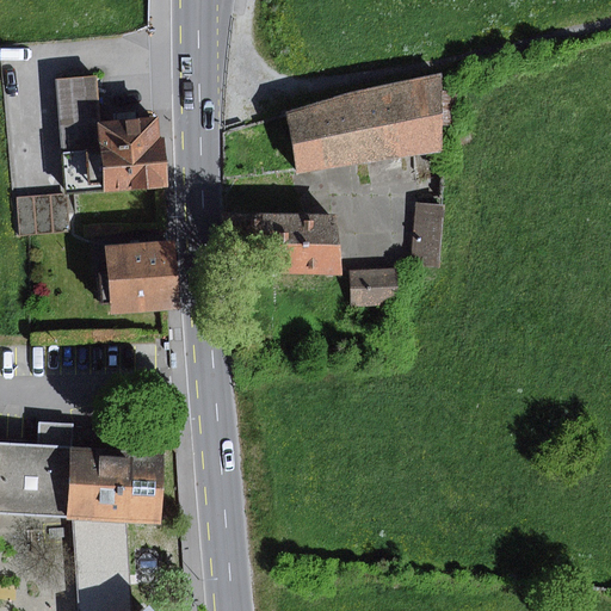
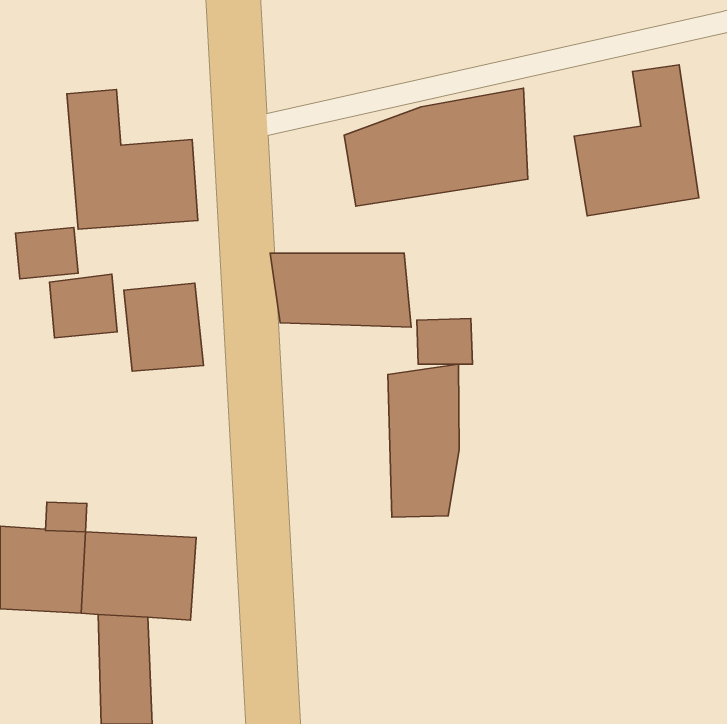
building: none -> [574,65,699,216]
building: [408,202,446,266] -> none
building: none -> [49,274,117,338]
building: none -> [388,364,459,517]

